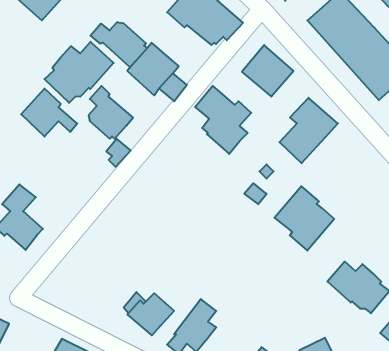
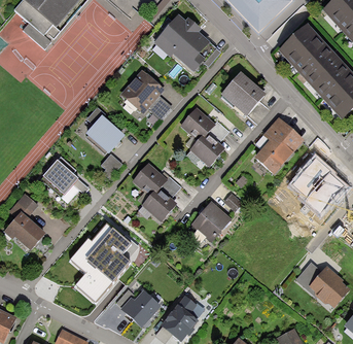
building: [90,22,147,67] -> none
building: [44,42,114,103] -> none
building: [21,89,77,137] -> [40,157,90,199]
building: none -> [132,163,181,222]
building: [274,186,334,251] -> [291,160,344,216]
building: none -> [190,201,232,242]
building: none -> [72,230,138,305]

